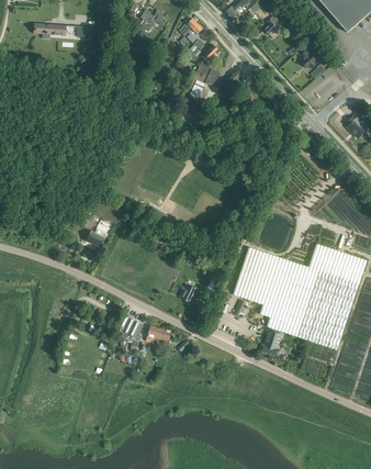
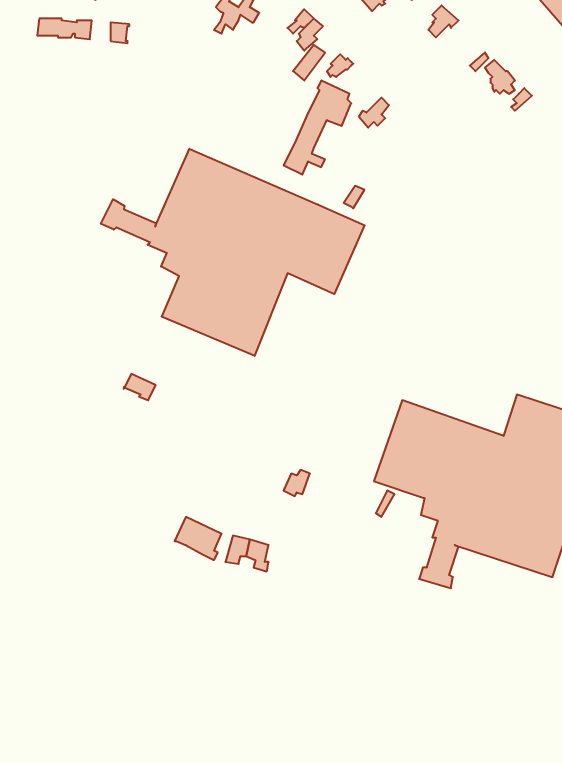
building: none -> [101,149,365,356]

